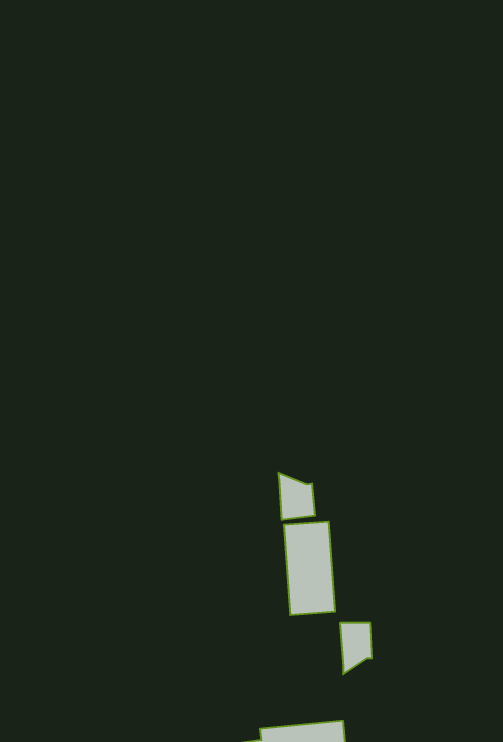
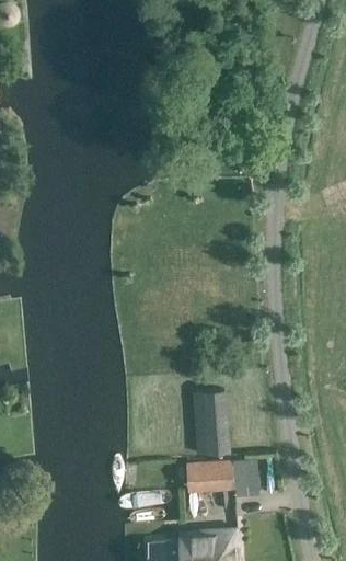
building: [279,473,315,520] -> none
building: none -> [186,458,235,491]

